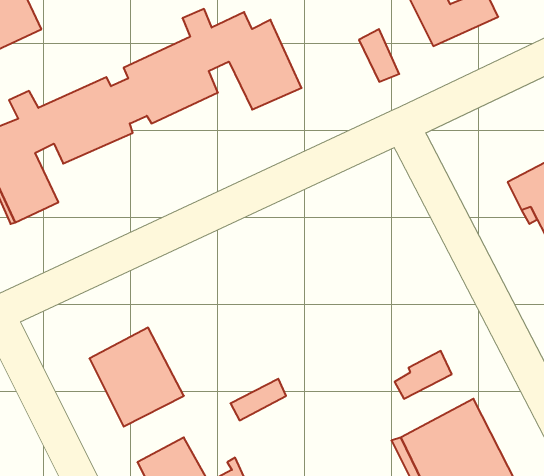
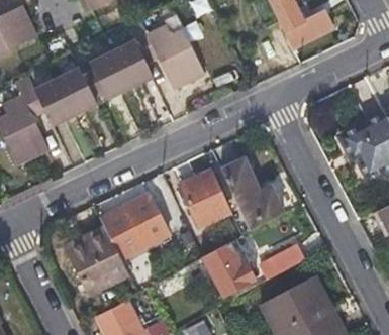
building: none -> [223,160,281,232]
building: none -> [180,170,231,226]
building: none -> [99,197,167,262]
building: none -> [203,243,255,297]

